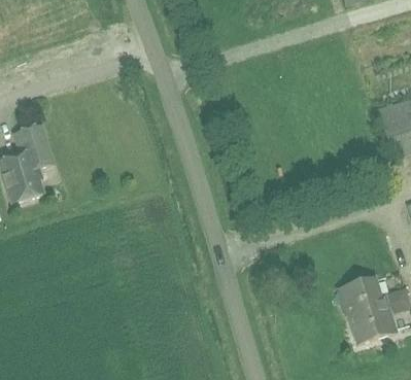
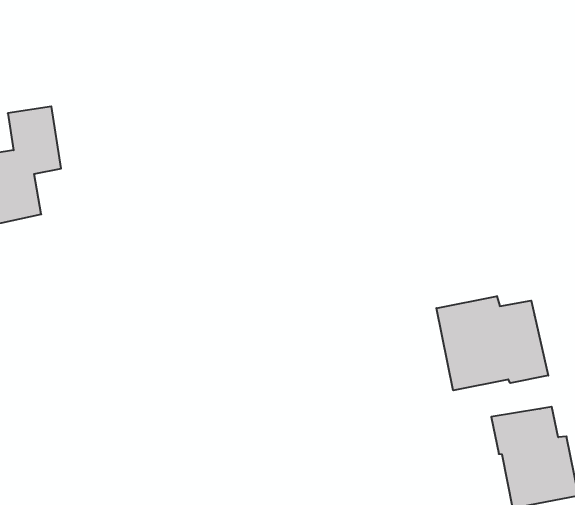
building: none -> [436,296,548,390]

